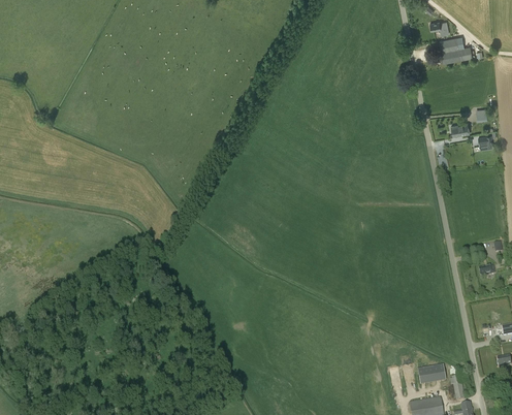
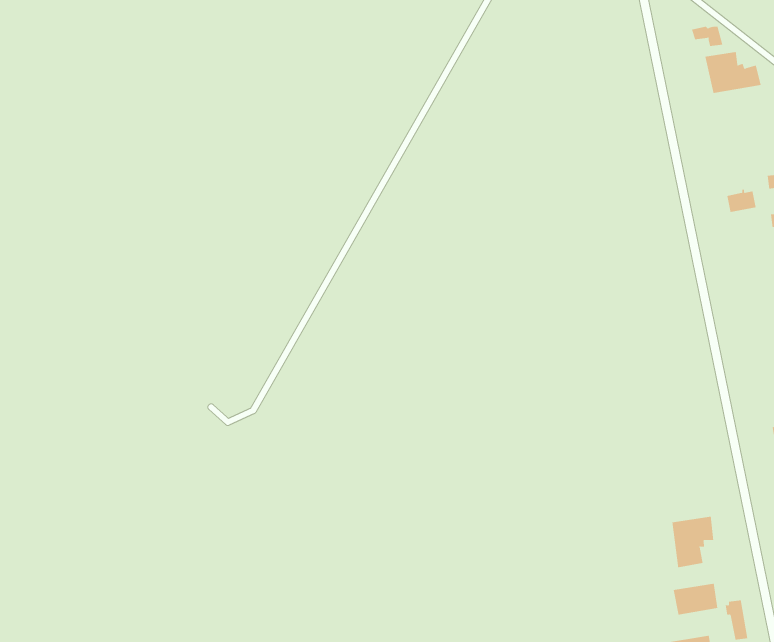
building: none -> [672,516,714,568]

